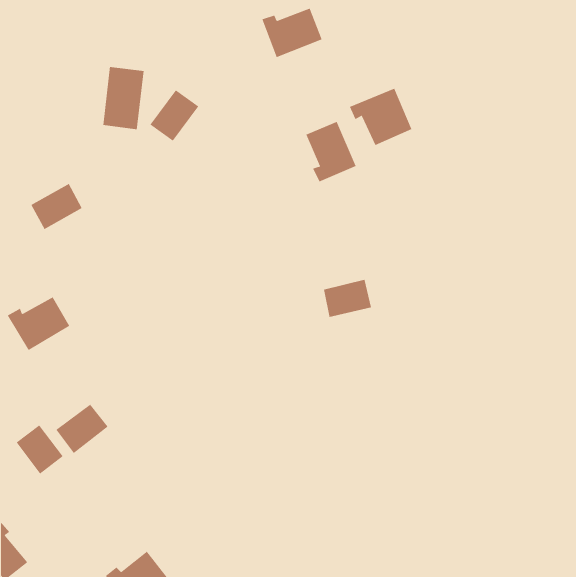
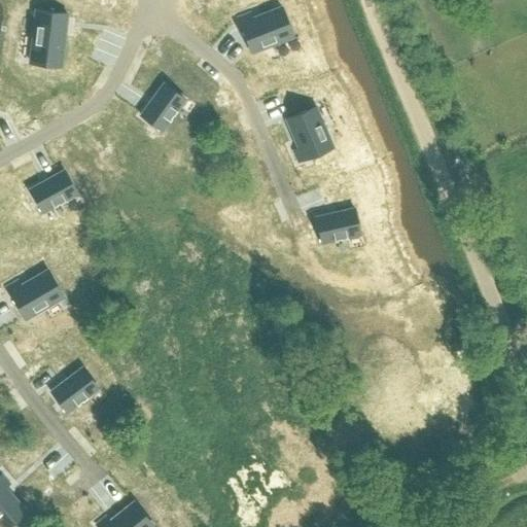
building: [103,66,144,130] -> [31,10,69,68]
building: [349,88,412,146] -> none
building: [323,279,372,318] -> [315,210,359,245]
building: [16,424,63,474] -> none

